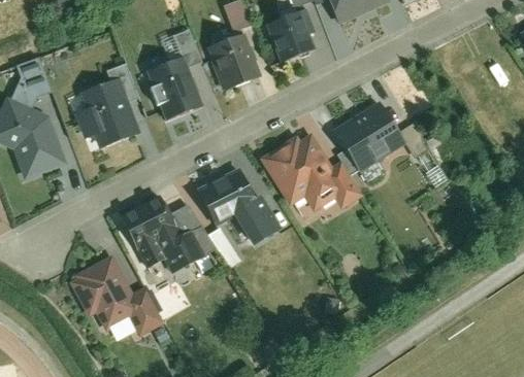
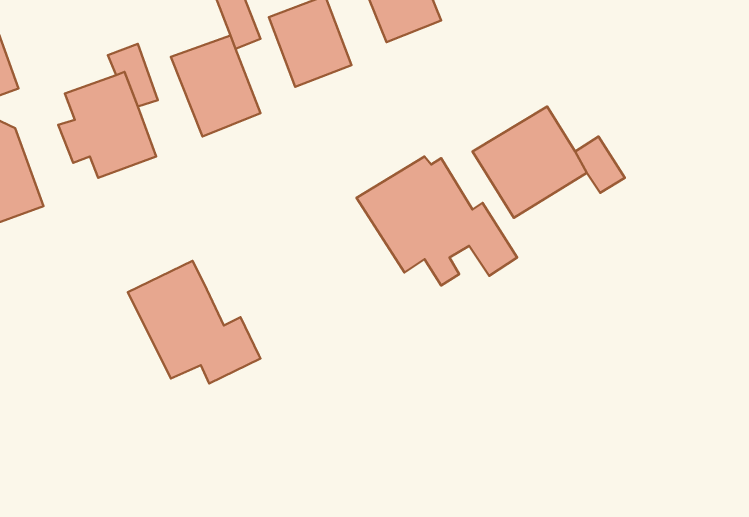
building: [197,163,281,247] -> none
building: [167,203,216,256] -> none
building: [69,252,165,335] -> none

